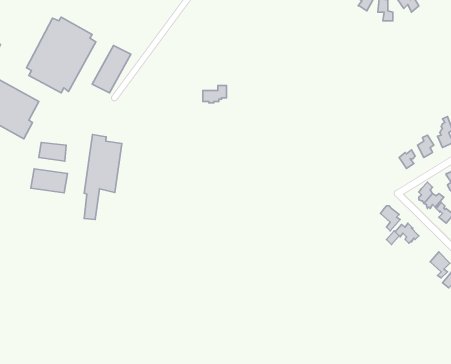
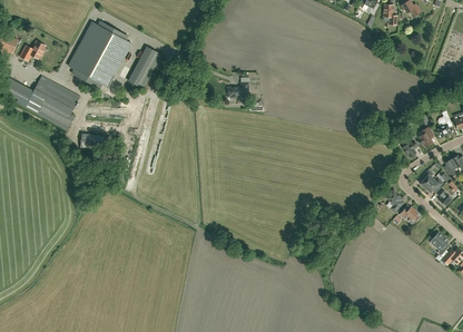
building: [84,135,122,220] -> none
building: [31,169,67,193] -> none

